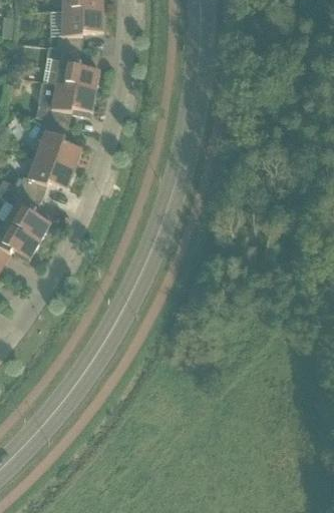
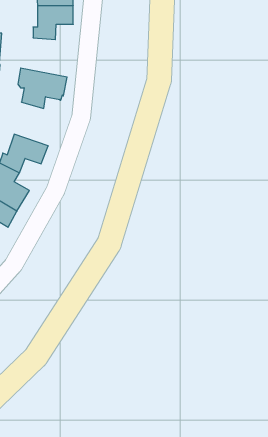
building: [43,46,99,91] -> none
building: [36,119,81,168] -> none

